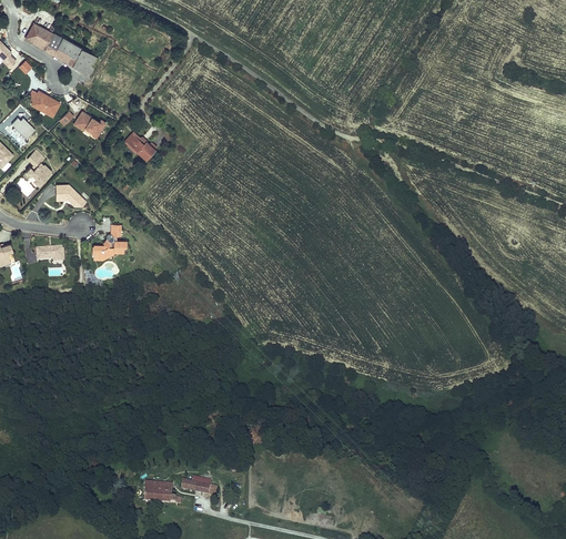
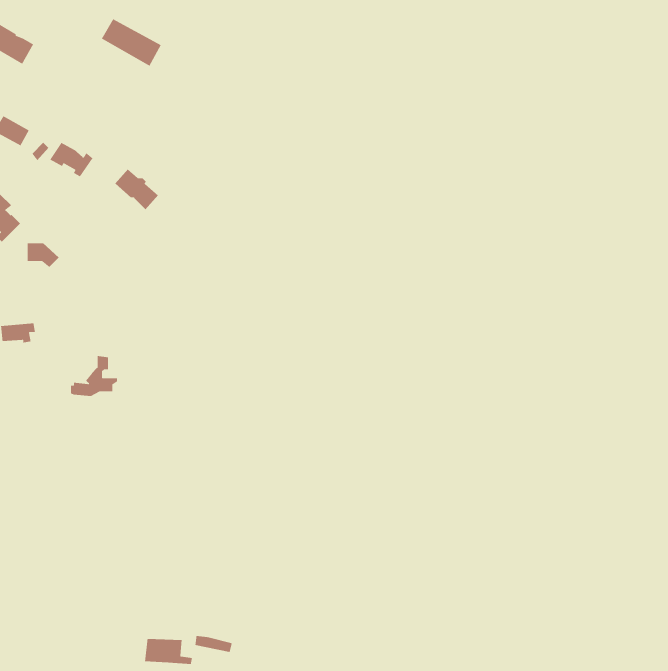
building: [52,38,98,74] -> [101,18,162,67]
building: [90,226,125,257] -> [70,355,118,397]

